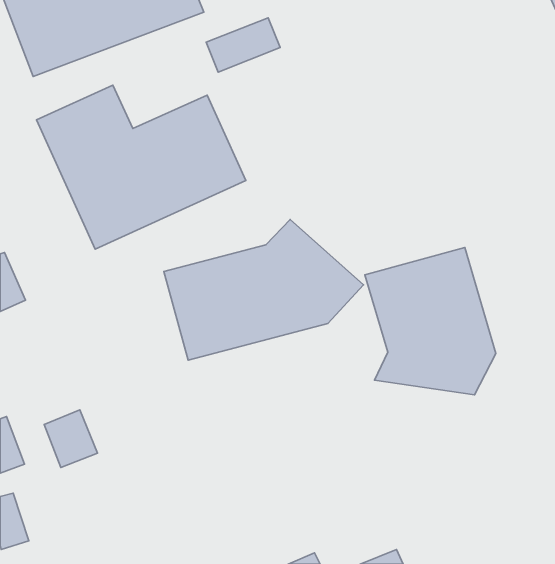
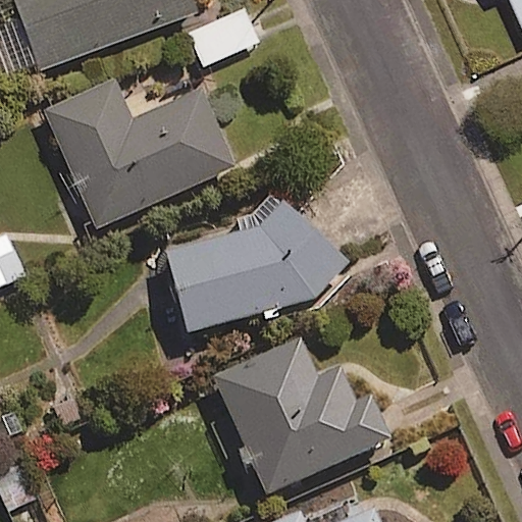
building: [365,247,496,395] -> none
building: none -> [209,334,388,494]

